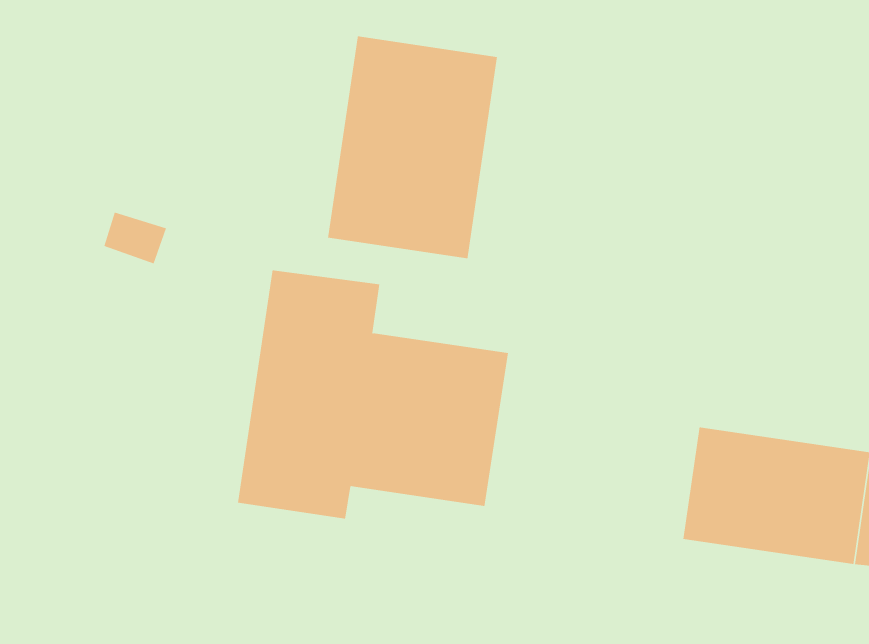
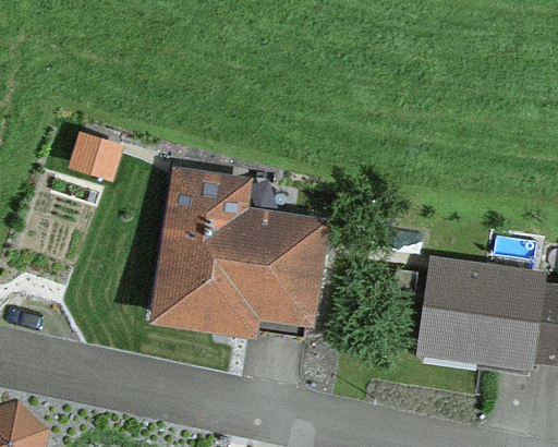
building: [328,36,498,259] -> none

